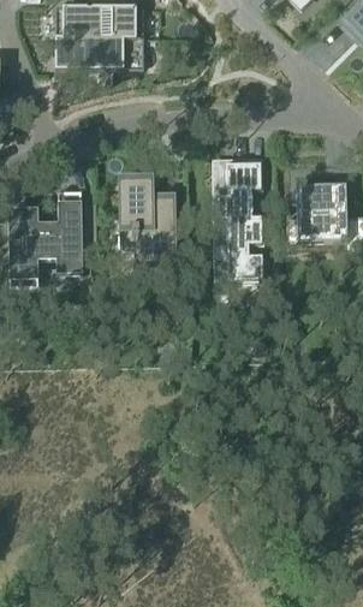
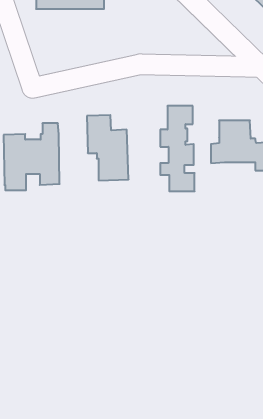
building: [53,35,143,81] -> none

